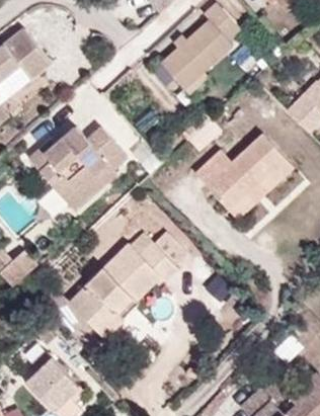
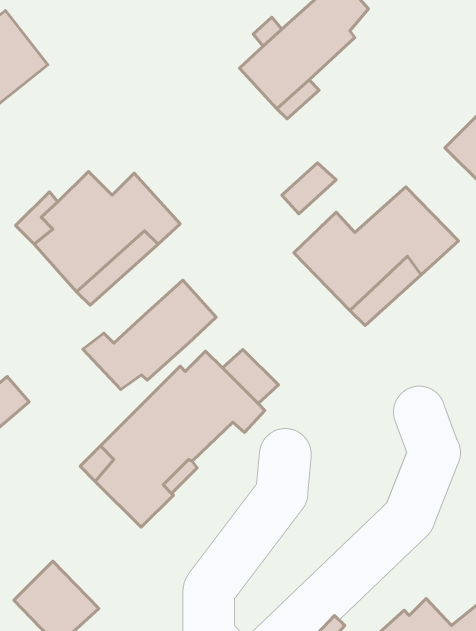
building: none -> [83,280,216,390]

